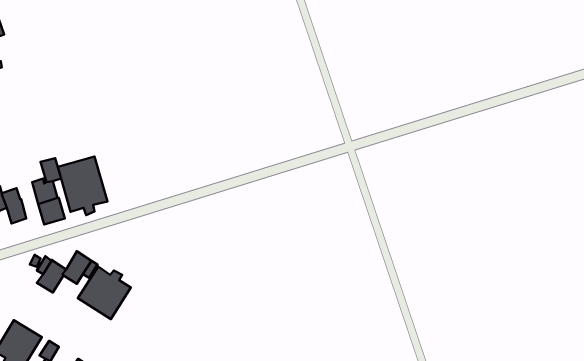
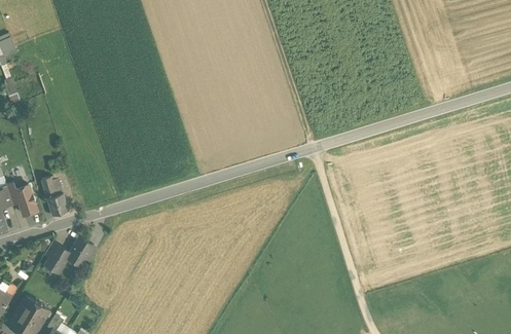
building: [58,157,107,215] -> none
building: [78,266,131,319] -> none

